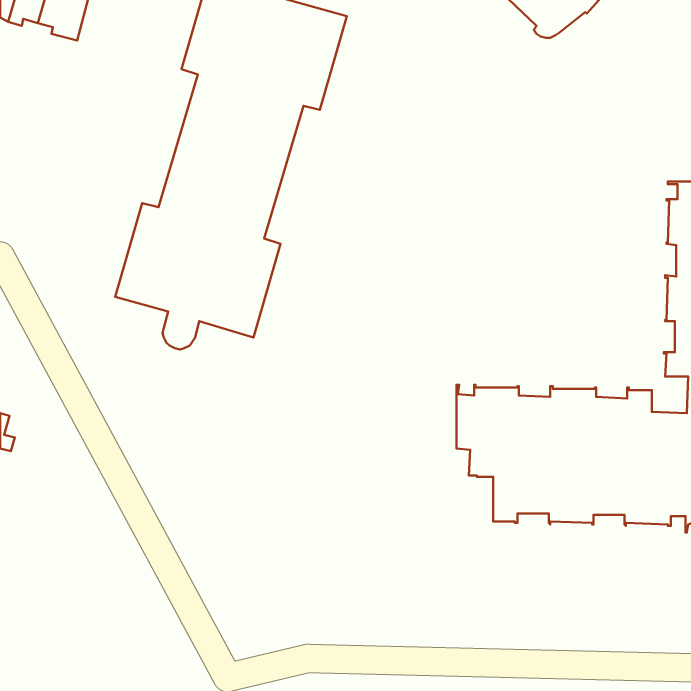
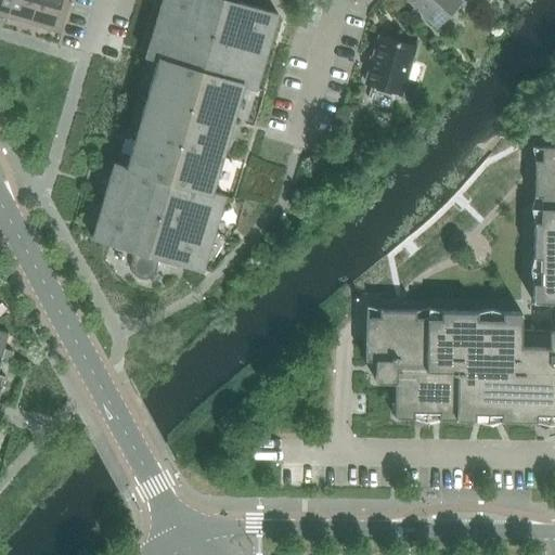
building: none -> [366,37,416,93]

